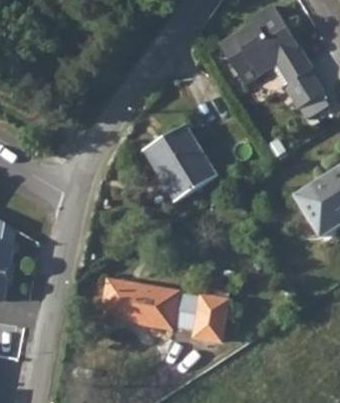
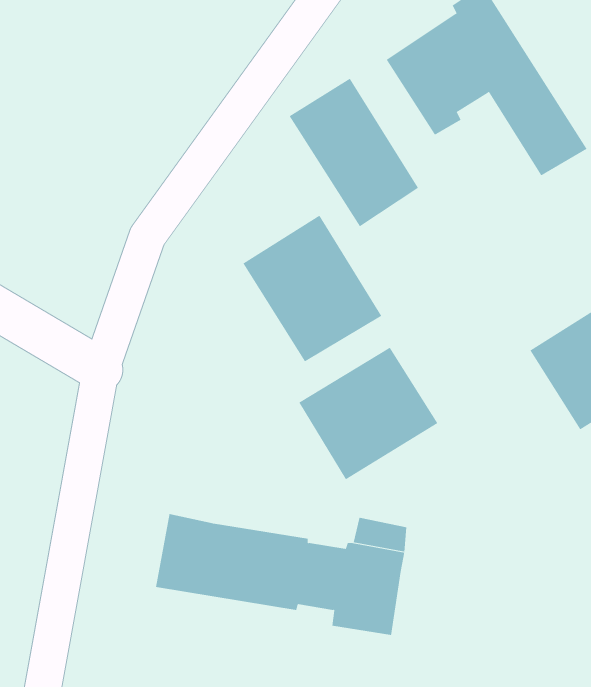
building: none -> [289,78,419,227]
building: none -> [299,347,438,480]

